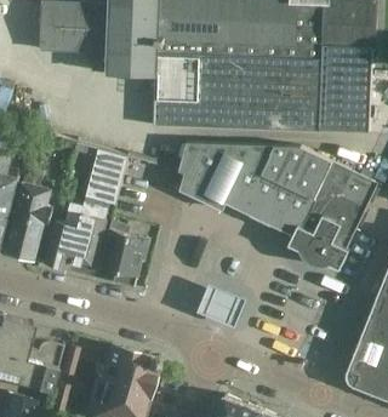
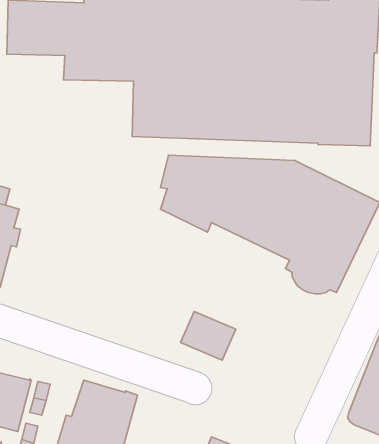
building: [45,149,125,270] -> none
building: [99,222,148,287] -> none

